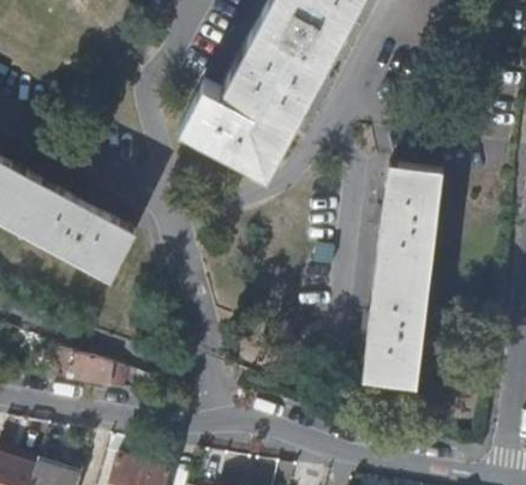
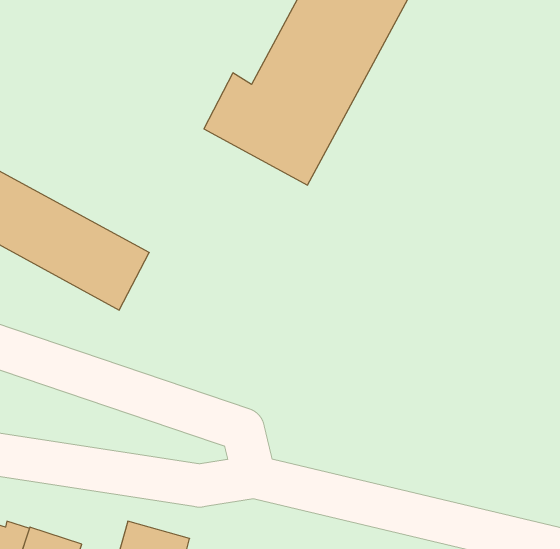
building: [364,166,443,385] -> none
building: [70,354,126,388] -> none

